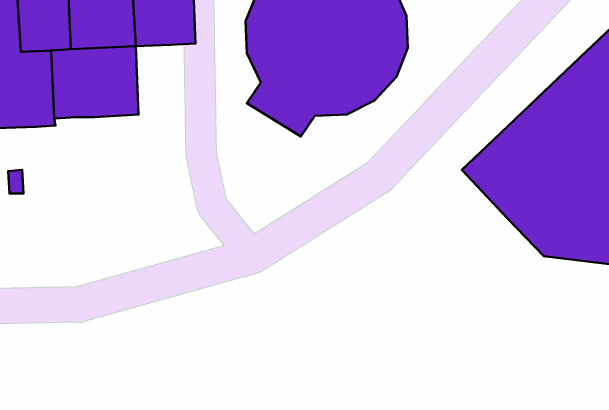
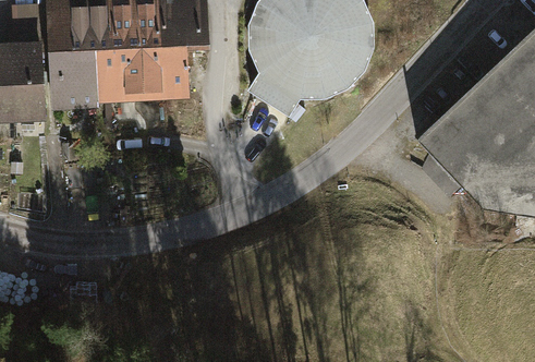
building: none -> [162,44,192,98]

